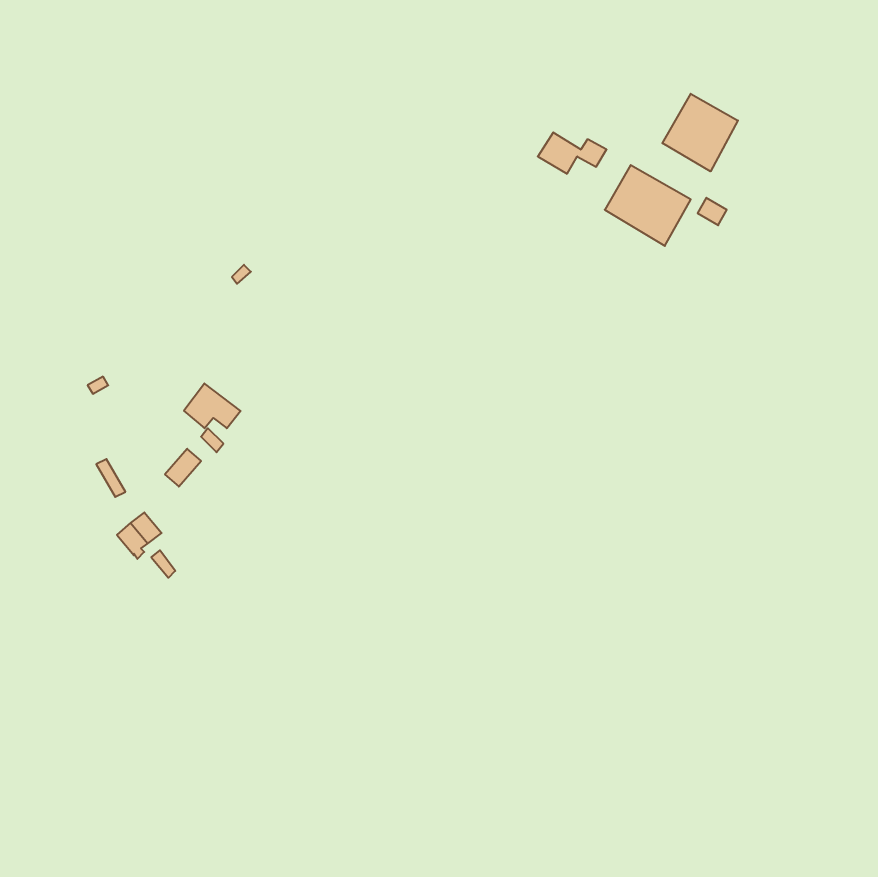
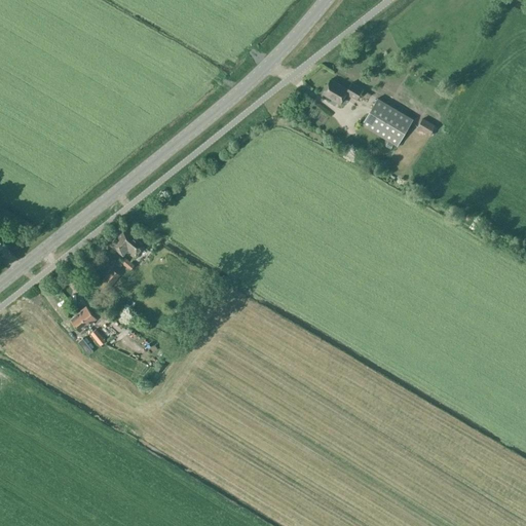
building: [662,94,738,171] -> none

